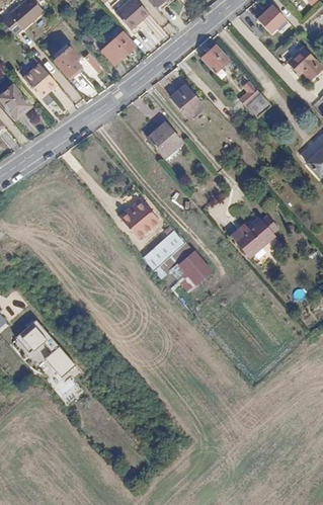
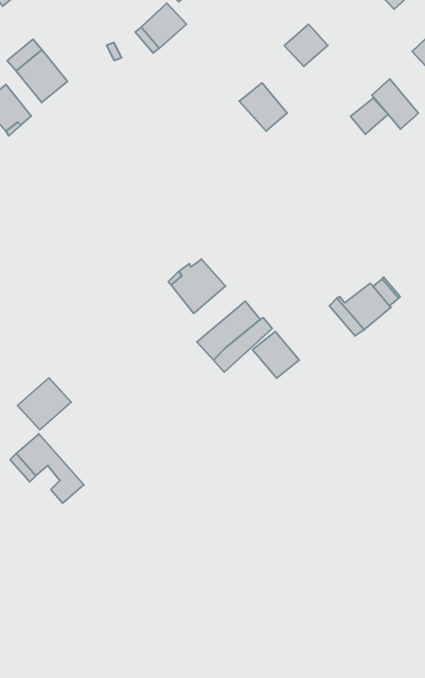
building: [53,47,80,78] -> none
building: none -> [372,79,418,129]
building: [147,121,180,156] -> none
building: none -> [18,378,71,430]

